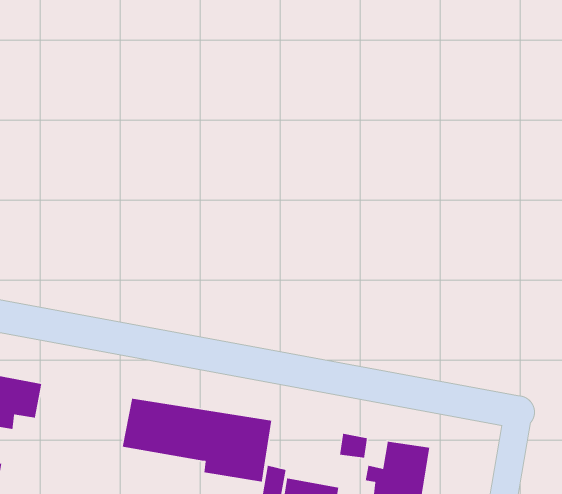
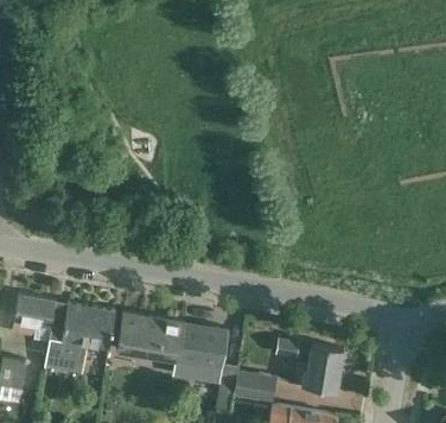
building: none -> [46,302,115,366]

